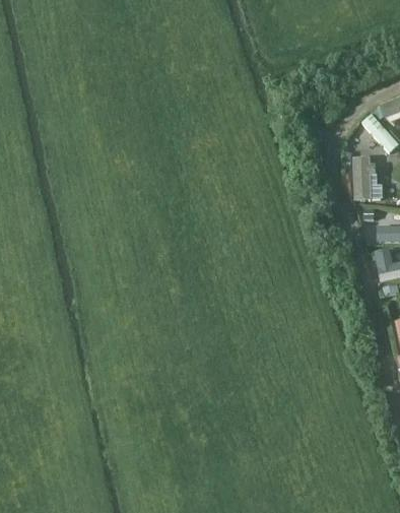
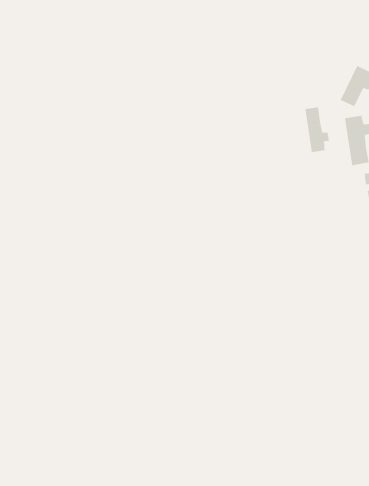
building: none -> [305,107,330,153]

